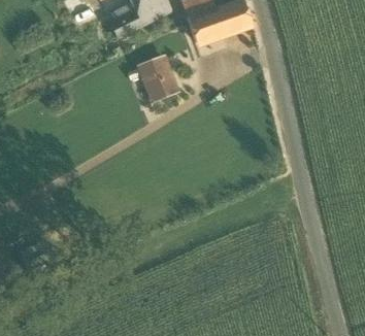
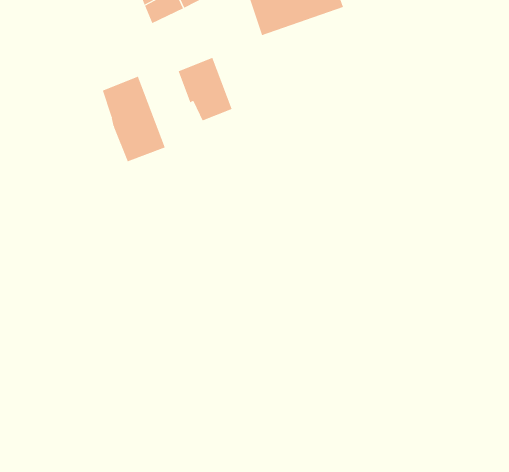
building: none -> [102,76,166,162]

